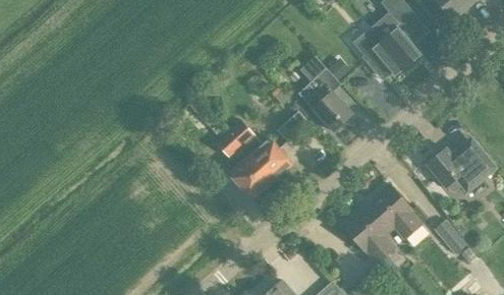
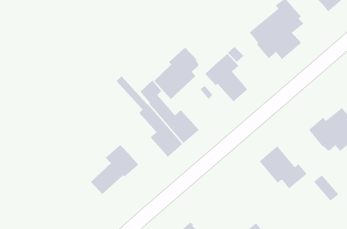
building: none -> [154,47,199,100]
building: none -> [90,144,139,195]
building: [341,203,394,262] -> none

